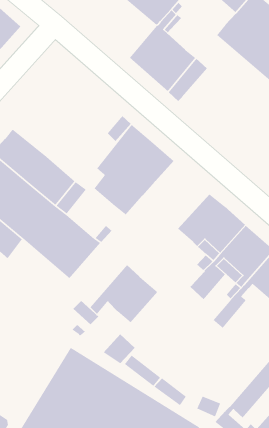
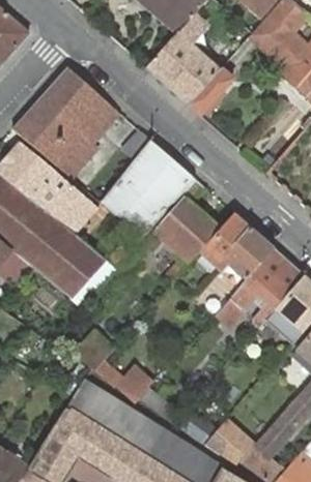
building: none -> [12,66,115,177]
building: [90,264,158,323] -> [145,198,220,262]

